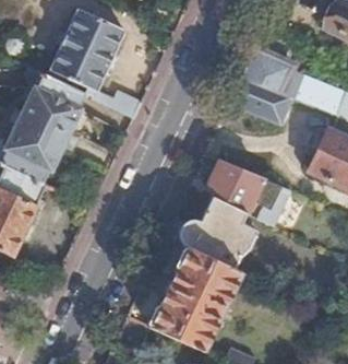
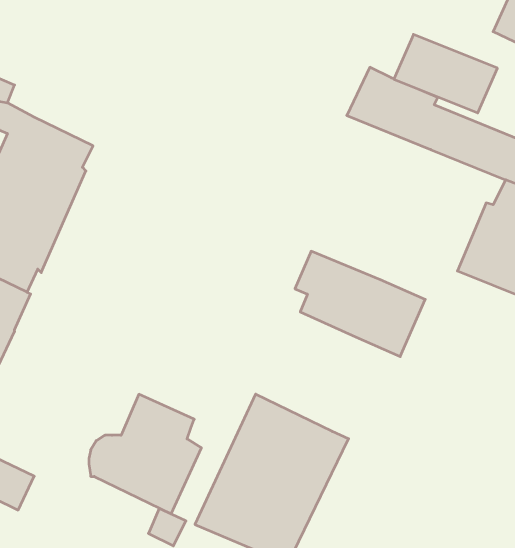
building: [48,11,141,118] -> none
building: [228,77,291,125] -> [394,34,497,113]
building: [181,197,250,270] -> [89,394,201,514]

